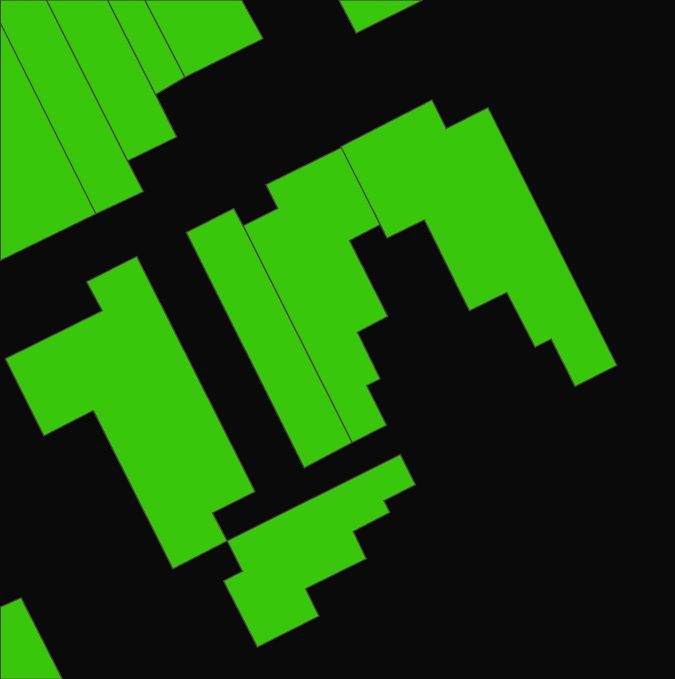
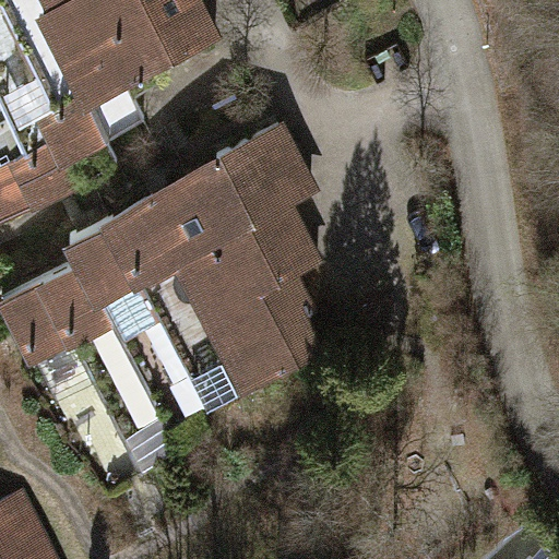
building: [341,100,617,387] -> none
building: none -> [116,191,253,404]
building: [223,454,416,647] -> none

